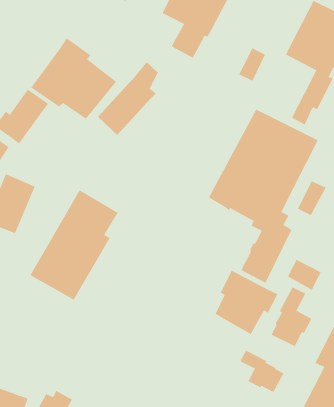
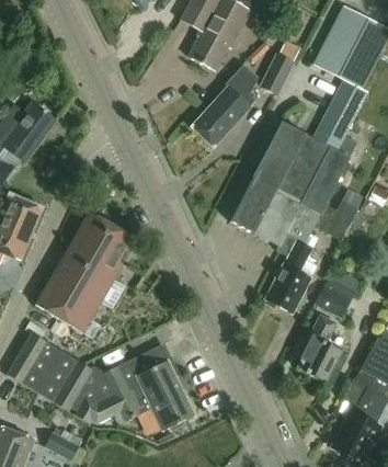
building: [30,37,117,120] -> none
building: [97,61,159,136] -> [192,65,259,146]
building: [215,270,278,335] -> none
building: none -> [11,333,196,431]
building: [239,350,284,393] -> none

